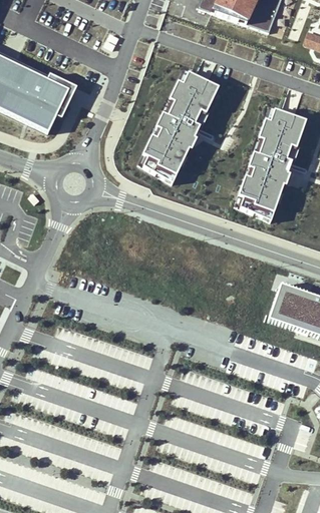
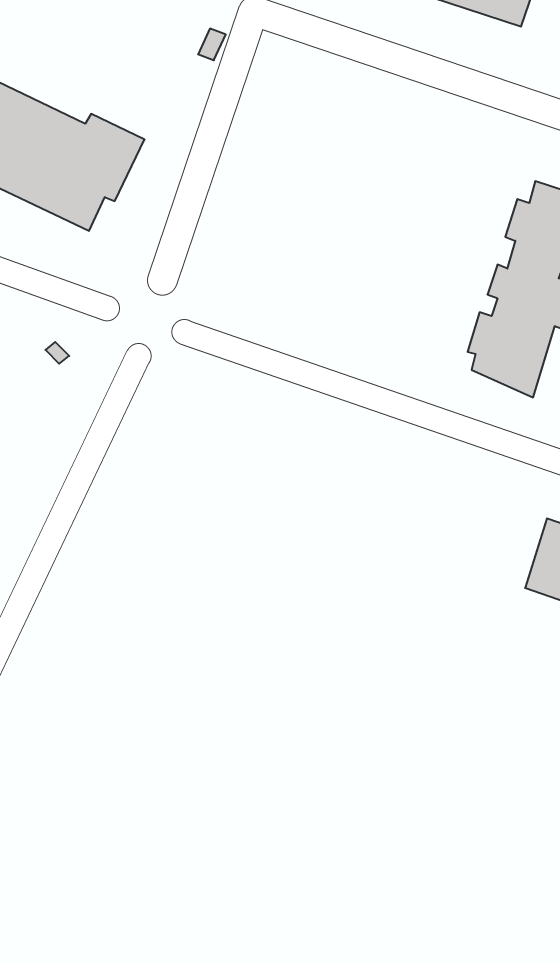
building: [144,72,220,179] -> none

